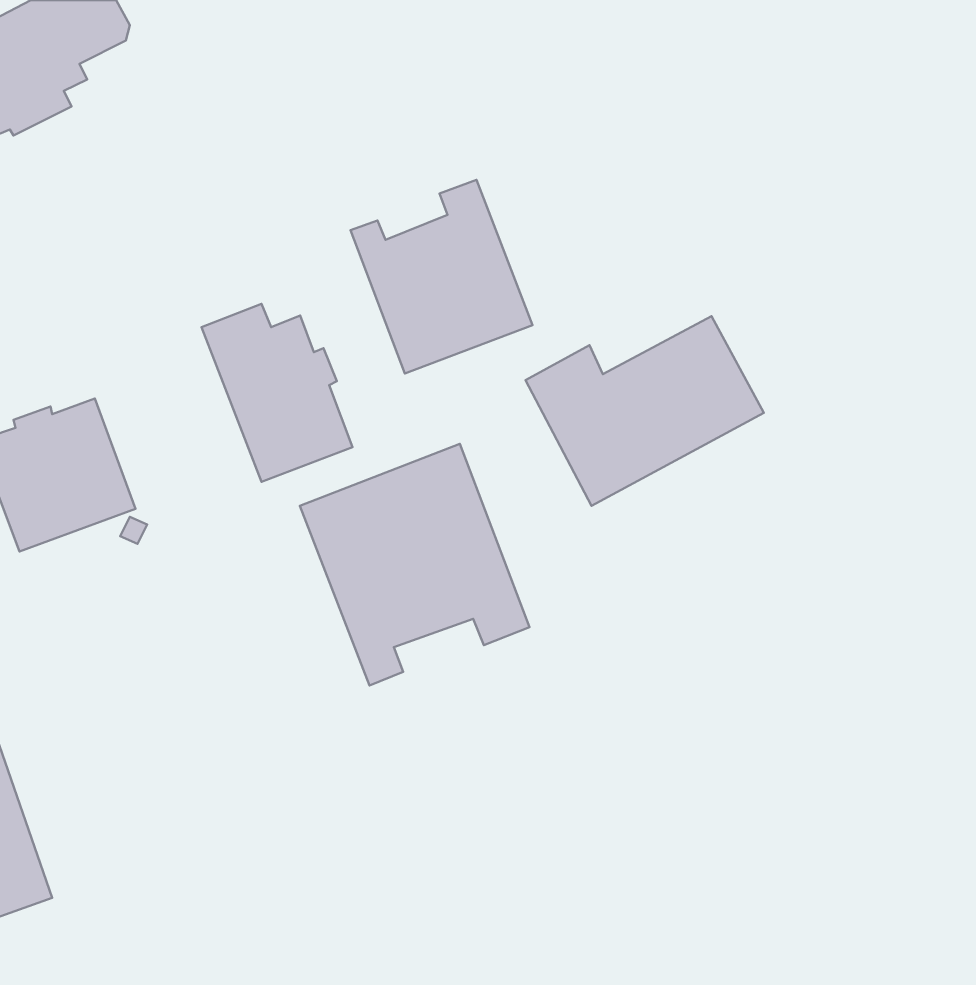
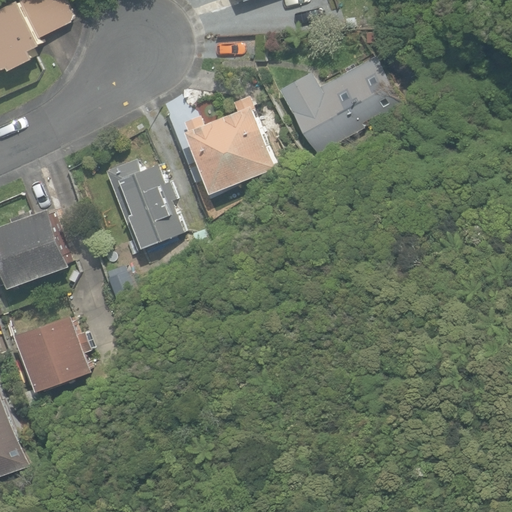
building: [526,316,764,506] -> [277,57,400,155]
building: [300,444,529,686] -> none
building: none -> [16,314,92,390]

